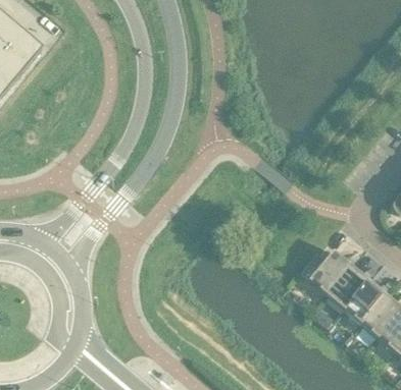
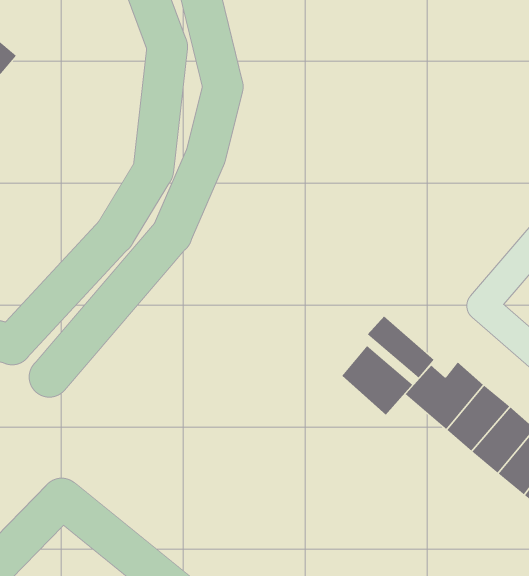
building: none -> [367,316,435,379]
building: none -> [341,345,413,416]

